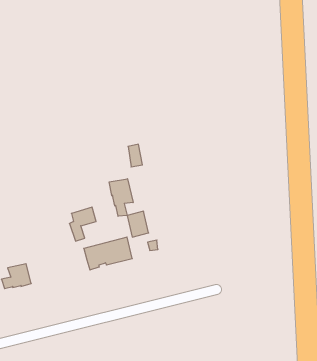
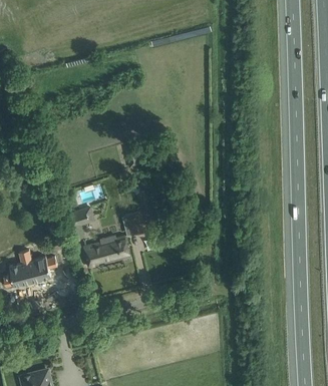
building: [109,179,133,216] -> none
building: none -> [25,251,57,281]

